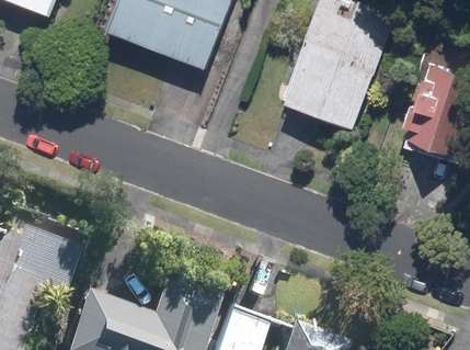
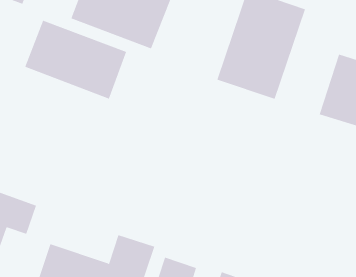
building: none -> [25,20,127,99]

